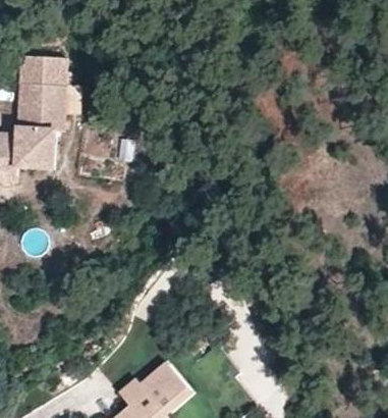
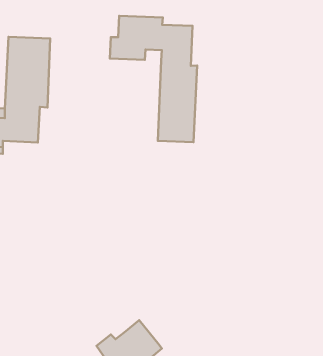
building: none -> [110,16,197,142]

